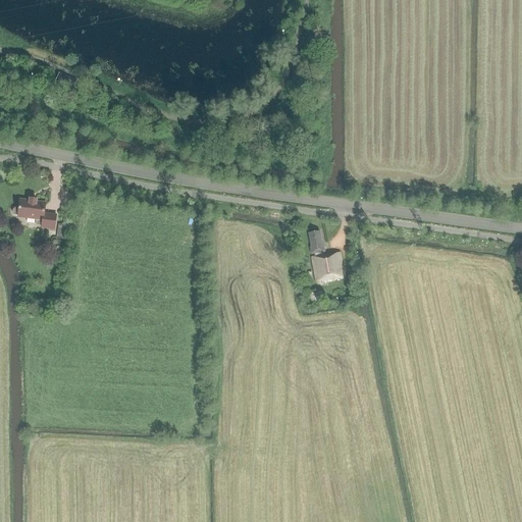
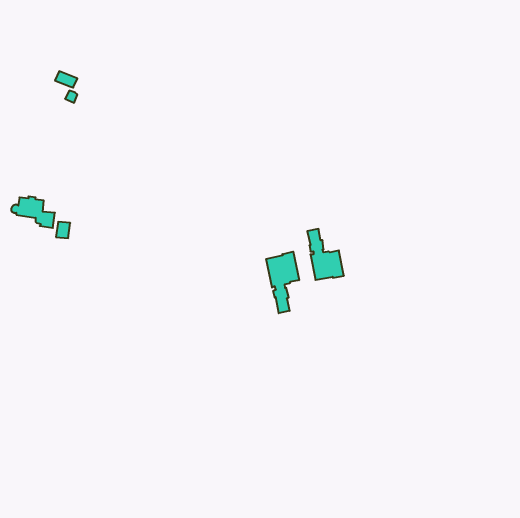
building: none -> [266,252,299,313]

